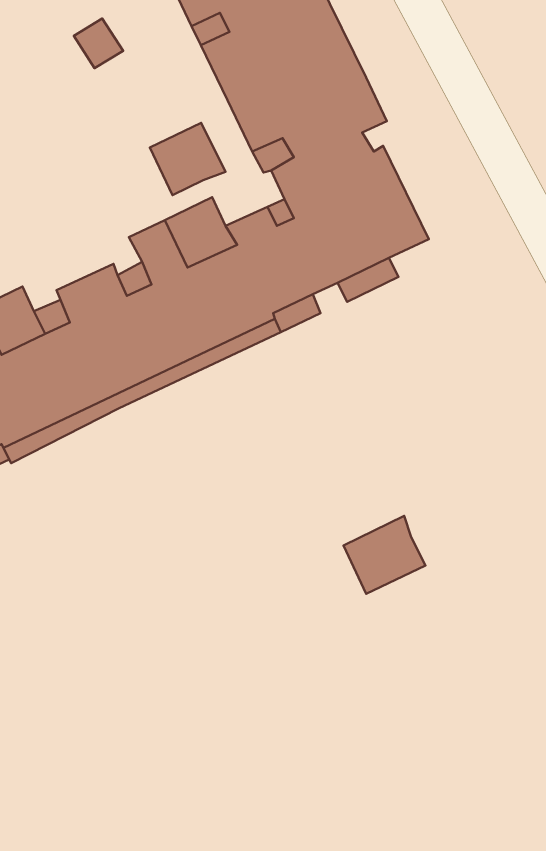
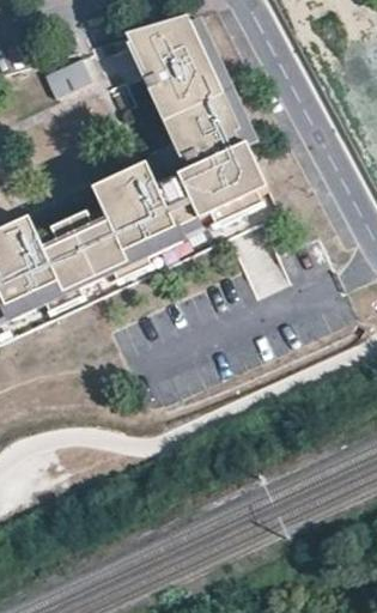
building: [150,123,226,195] -> none
building: [343,516,425,594] -> none

